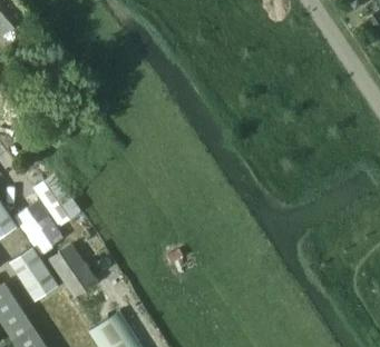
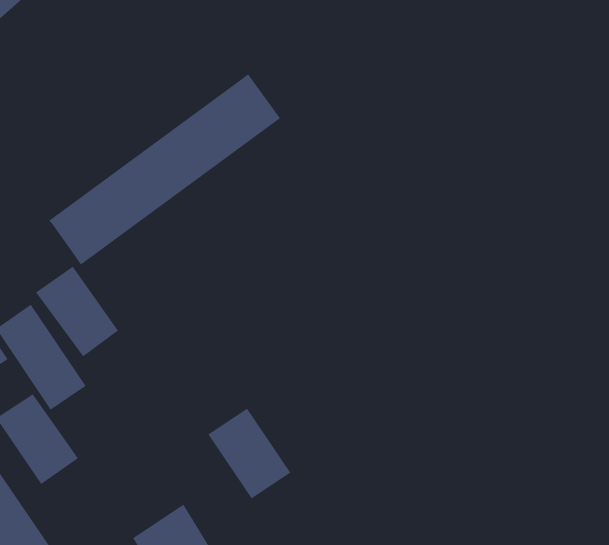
building: none -> [48,74,281,266]
building: [48,245,97,298] -> [207,408,291,499]

